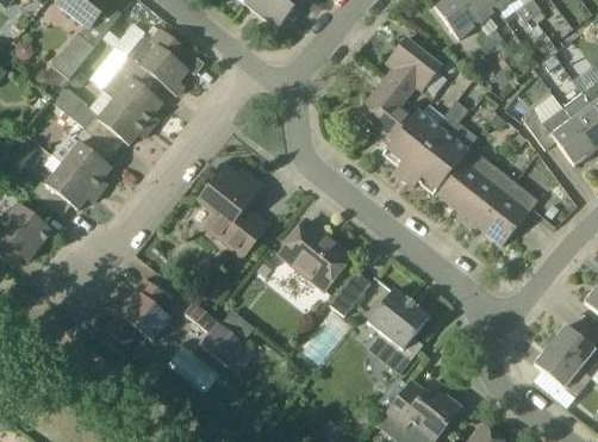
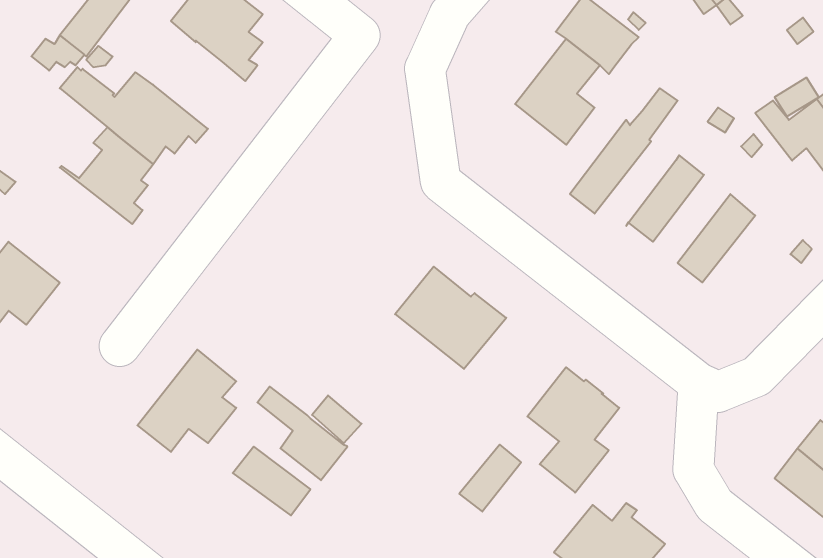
building: [101,55,162,127] -> none
building: [382,110,434,172] -> none
building: [412,136,467,193] -> none
building: [32,154,100,214] -> none
building: [451,158,504,218] -> none
building: [198,166,268,256] -> none
building: [485,186,537,244] -> none
building: [329,270,370,316] -> [459,445,521,512]

